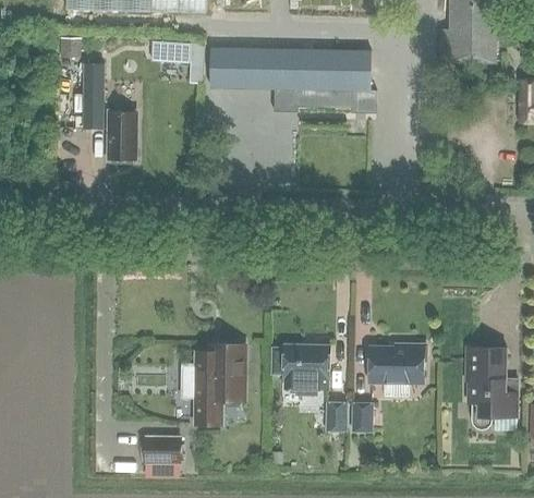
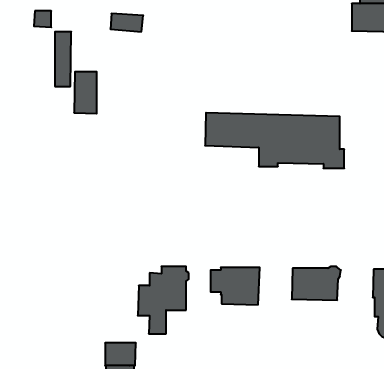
building: [210,47,377,113] -> [205,113,344,168]
building: [326,400,348,430] -> none
building: [352,400,372,432] -> none

